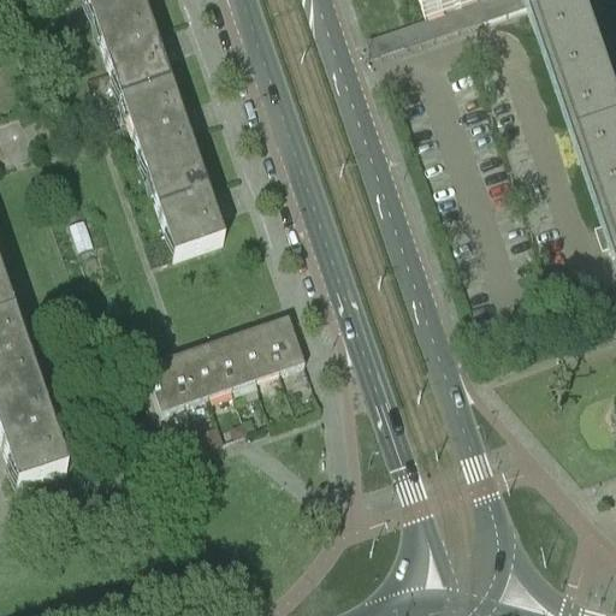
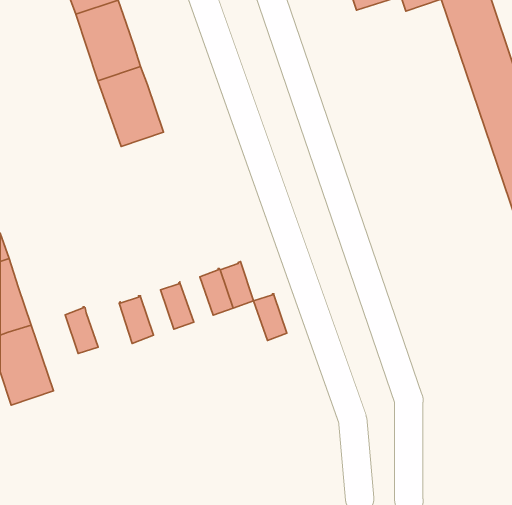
building: [149,158,226,253] -> none
building: [219,328,259,384] -> [253,294,287,340]
building: [172,344,212,399] -> [65,307,98,353]

